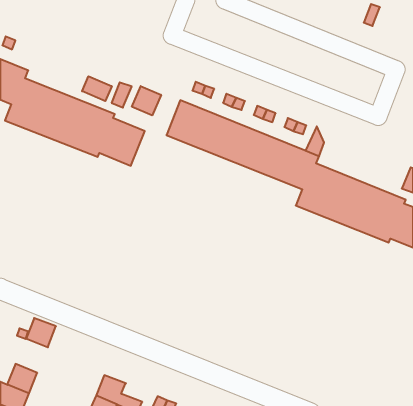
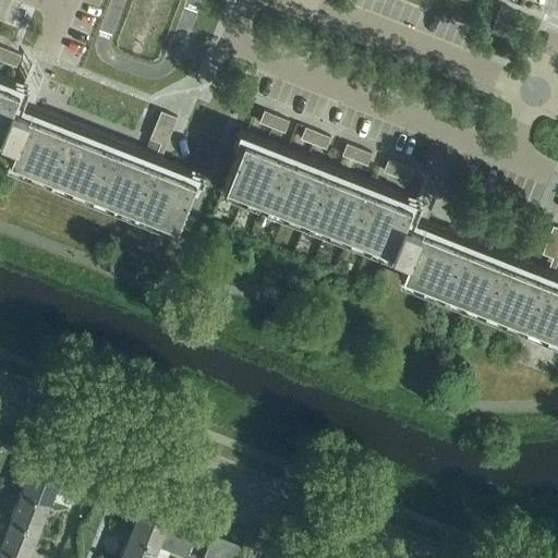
building: [82,76,112,101] -> none
building: [132,86,161,115] -> none
building: [26,318,56,347] -> [21,473,61,512]

